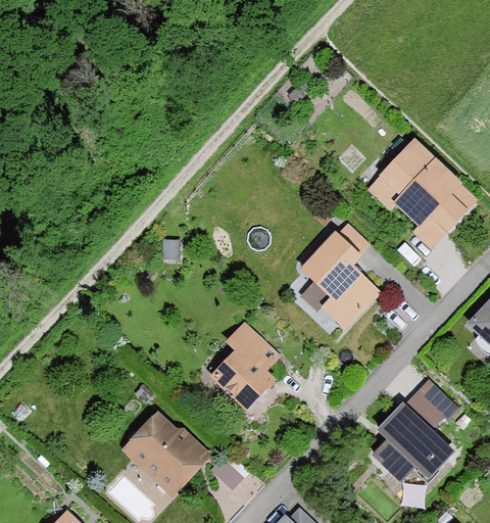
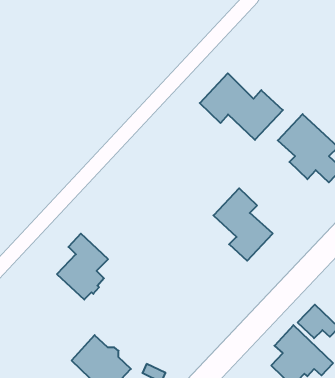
building: none -> [200,73,283,140]
building: [213,325,277,407] -> [57,234,108,300]

